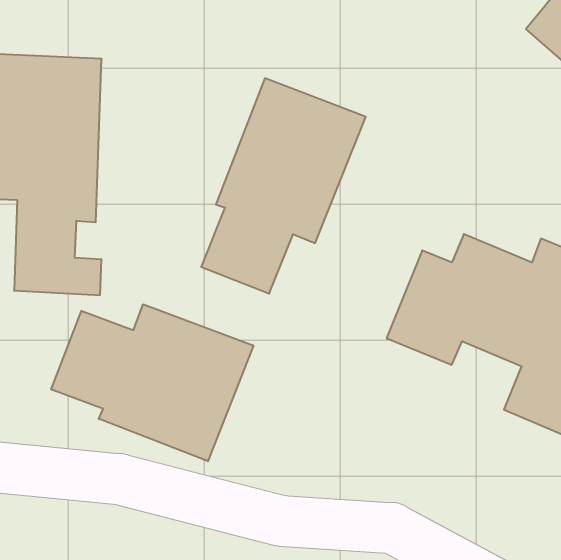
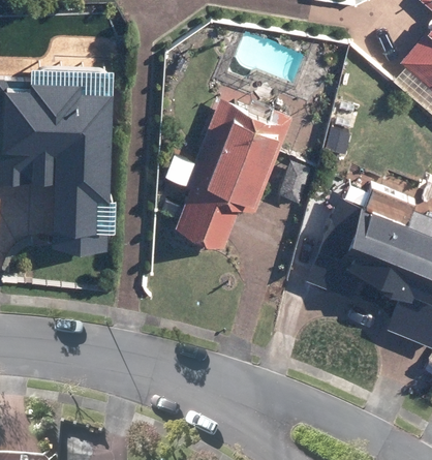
building: [51,304,253,461] -> none

